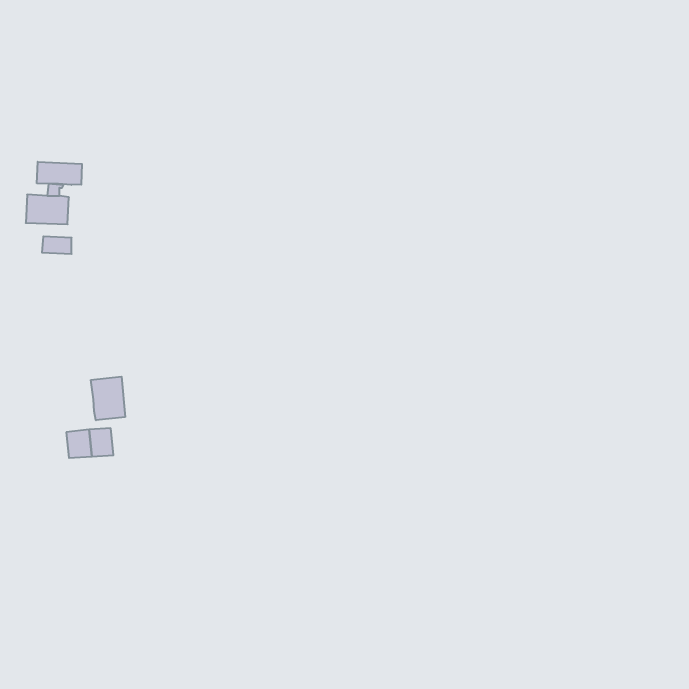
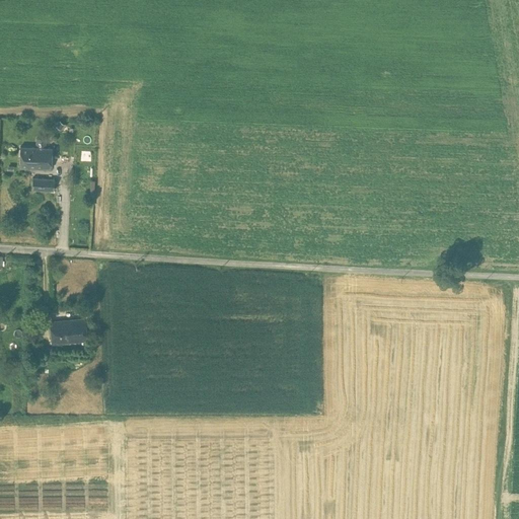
building: [37,162,82,185] -> none
building: [91,377,125,420] -> none

